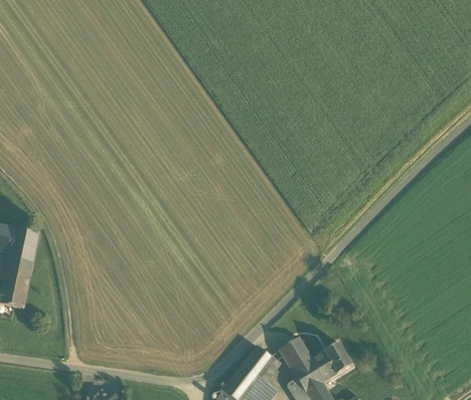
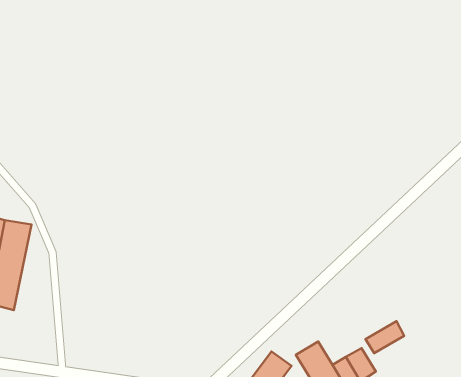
building: none -> [365,321,404,353]

